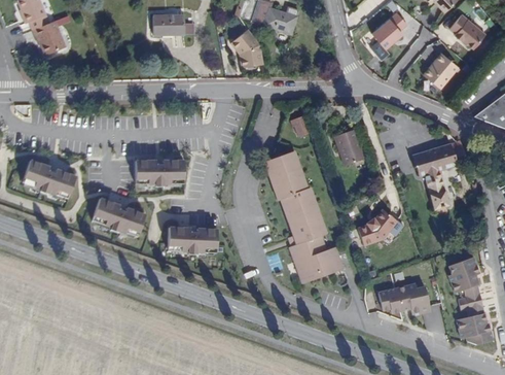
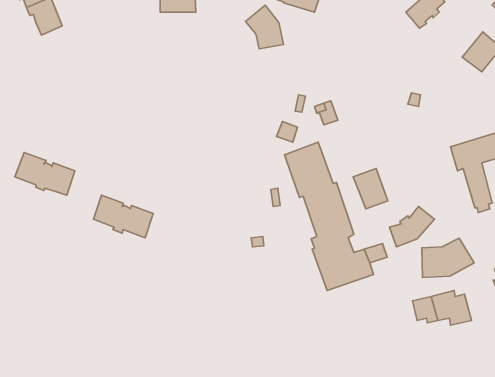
building: [333,129,364,165] -> [353,169,388,209]
building: [136,161,185,186] -> none
building: [169,227,219,253] -> none
building: none -> [422,238,474,278]

